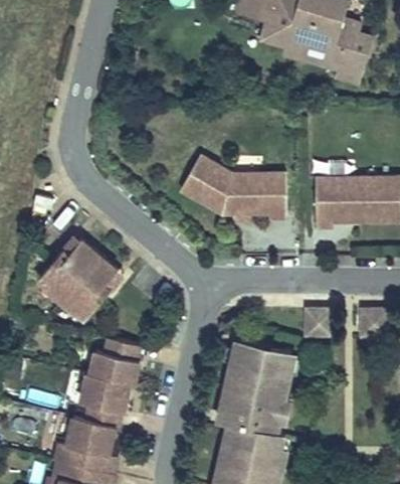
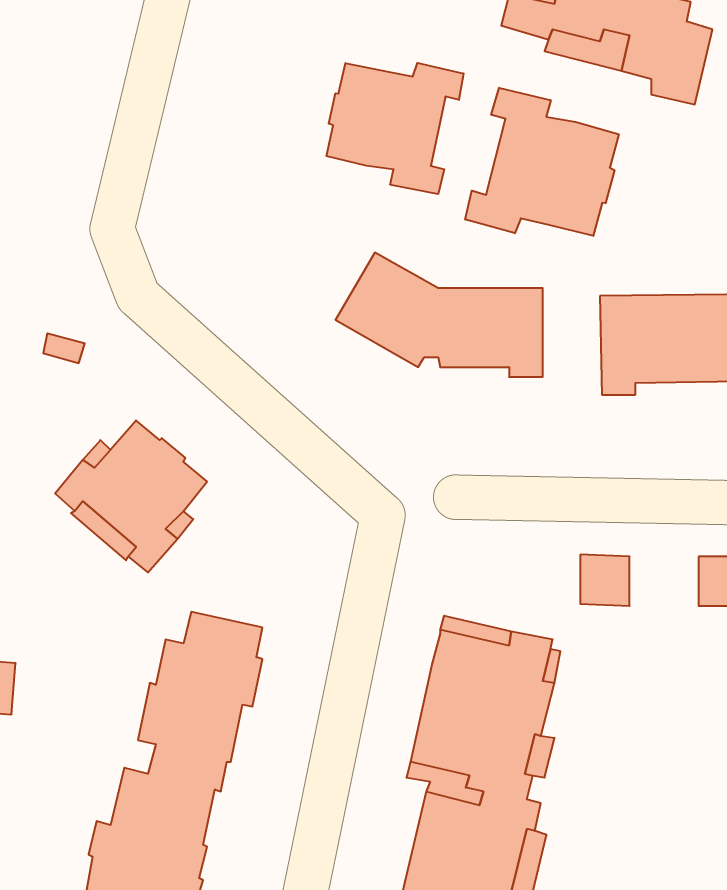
building: none -> [326,63,464,194]
building: none -> [465,88,619,236]

